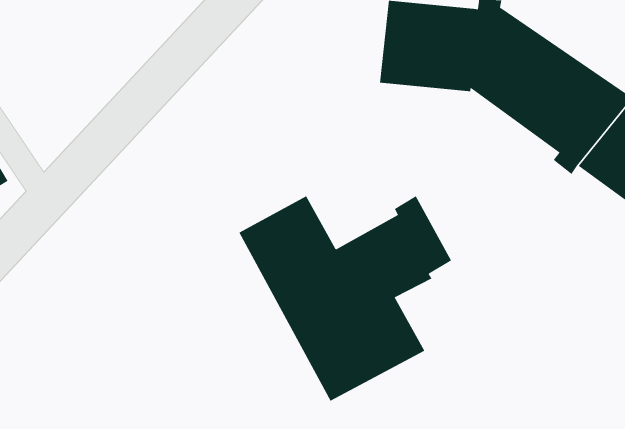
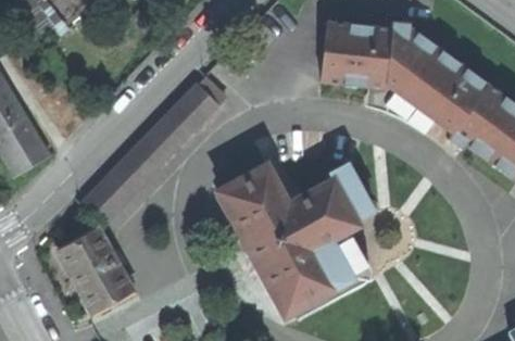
building: none -> [84,84,219,223]
building: none -> [58,229,130,313]

